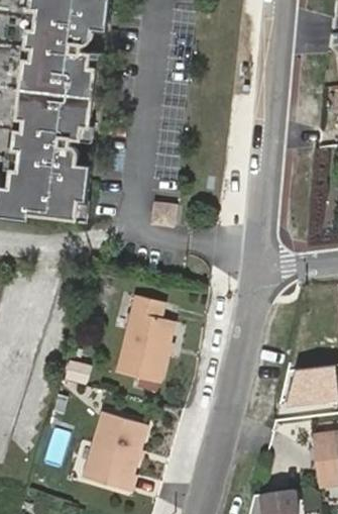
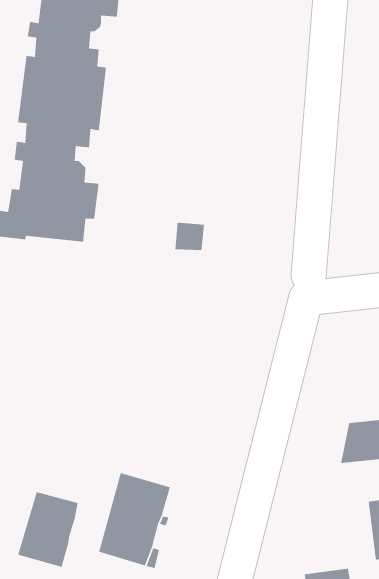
building: [118,293,176,380] -> none
building: none -> [17,491,79,568]

